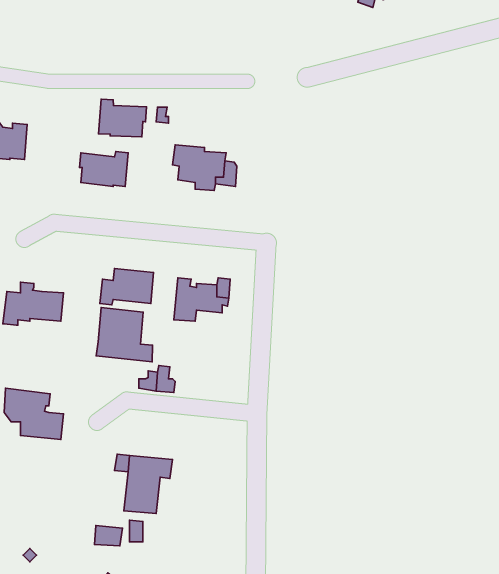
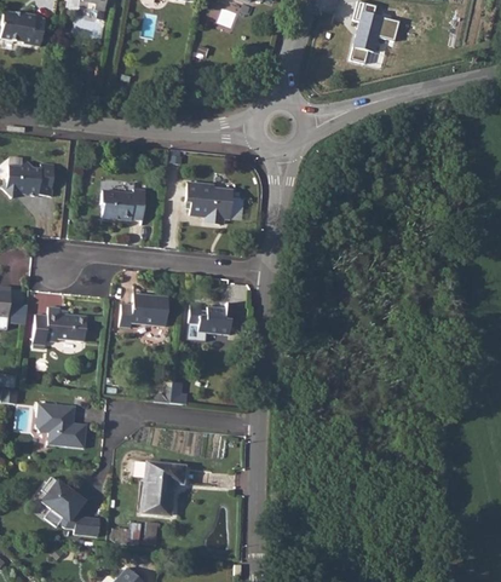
building: [98,99,147,137] -> none
building: [96,307,153,362] -> none
building: none -> [41,477,100,536]

